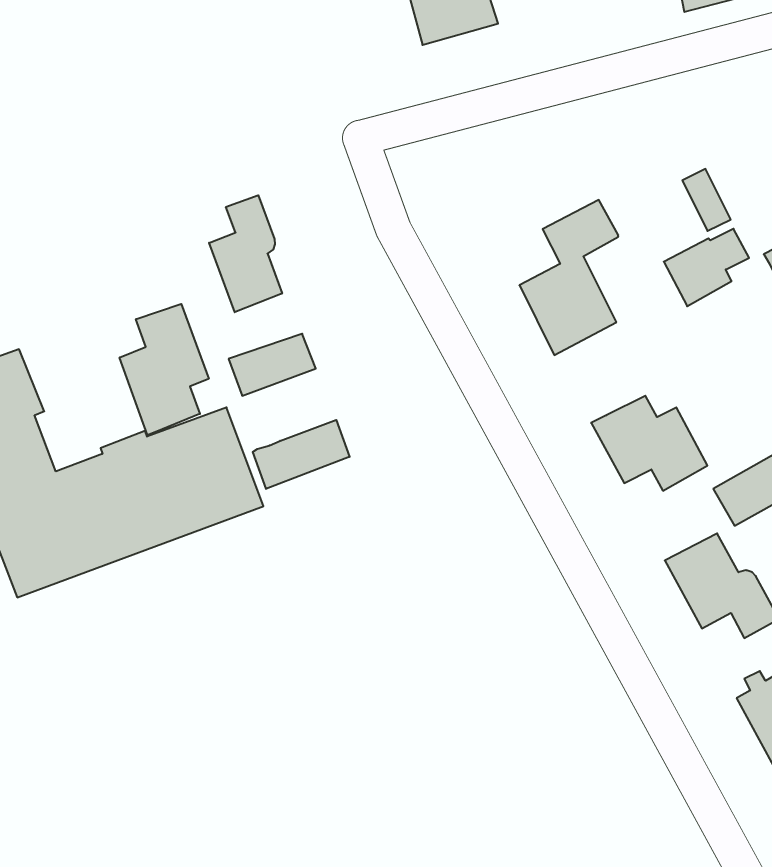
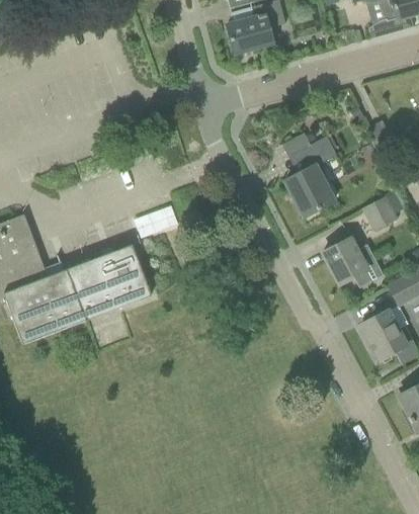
building: [209,195,282,312] -> none
building: [664,229,749,306] -> [361,191,406,232]
building: [120,304,209,435] -> none
building: [253,420,350,489] -> none

